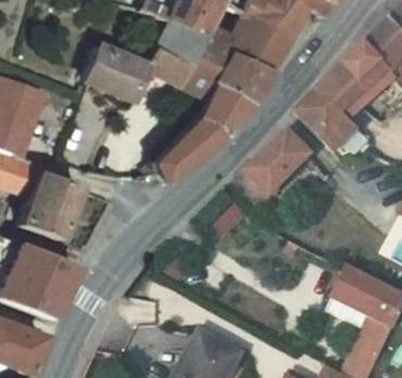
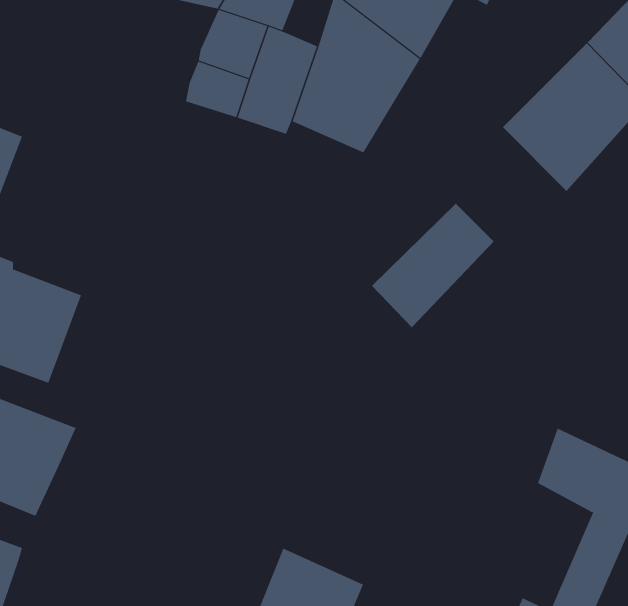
building: [82,44,141,98] -> none
building: [145,83,245,182] -> none
building: [307,86,374,153] -> none

